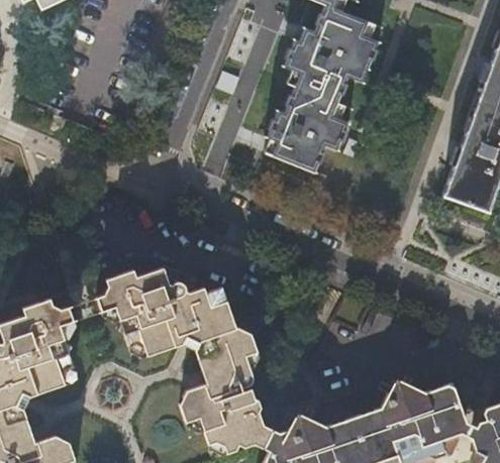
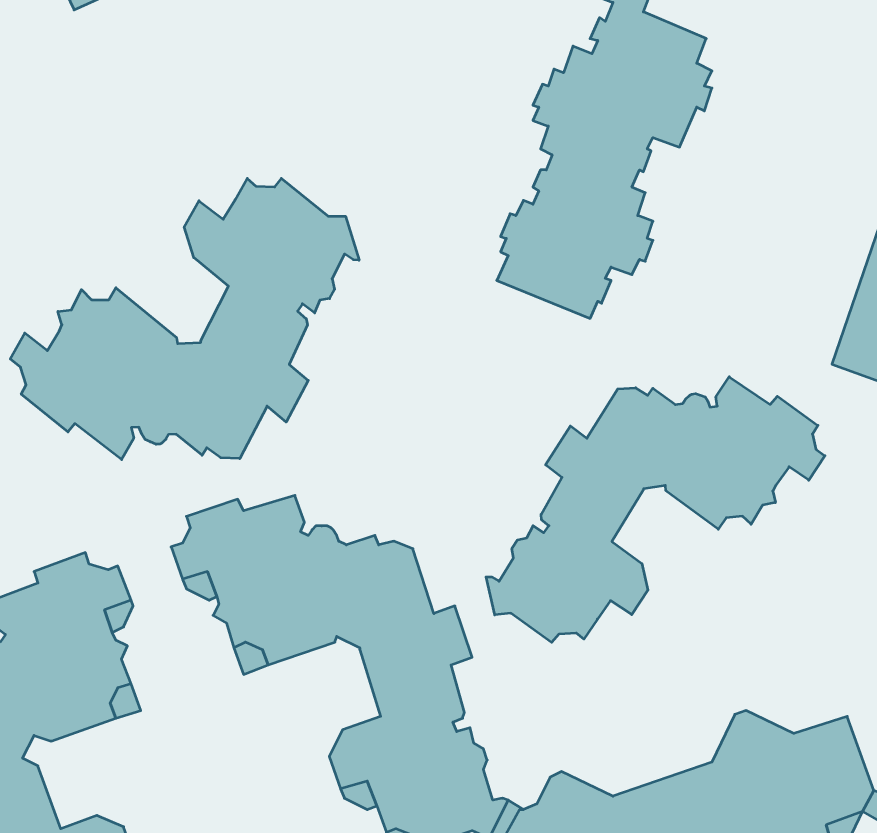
building: none -> [10,178,359,460]
building: none -> [486,377,825,642]

